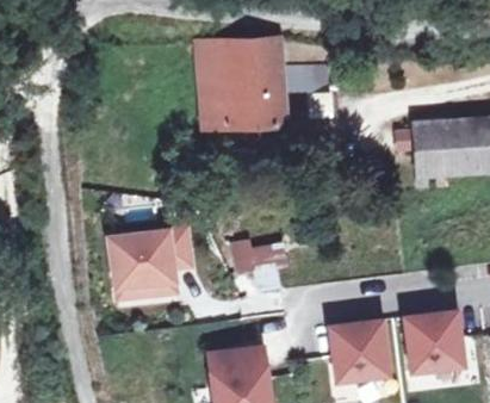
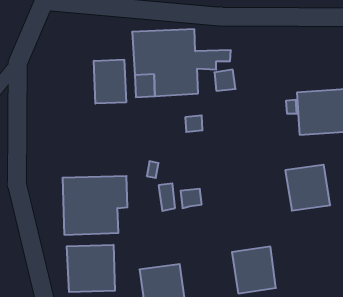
building: none -> [94,60,126,104]
building: [403,312,461,372] -> [285,165,330,211]
building: none -> [67,245,115,292]

